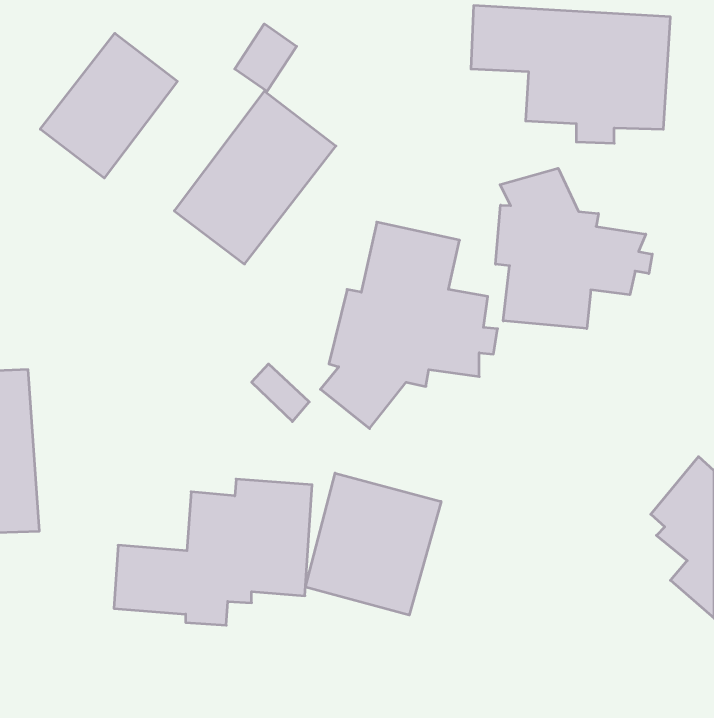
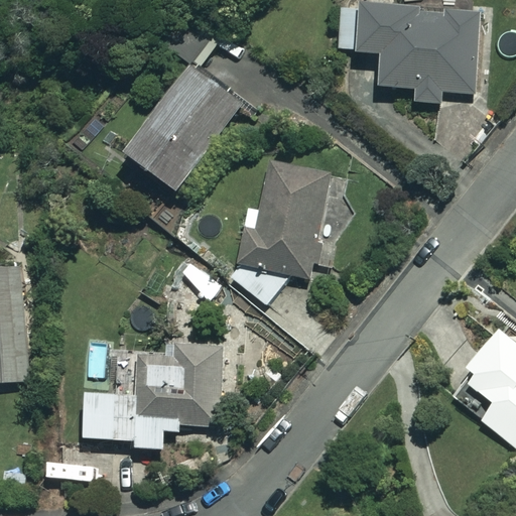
building: [40,33,177,178] -> none
building: [496,168,652,329] -> none
building: [306,473,441,615] -> none

